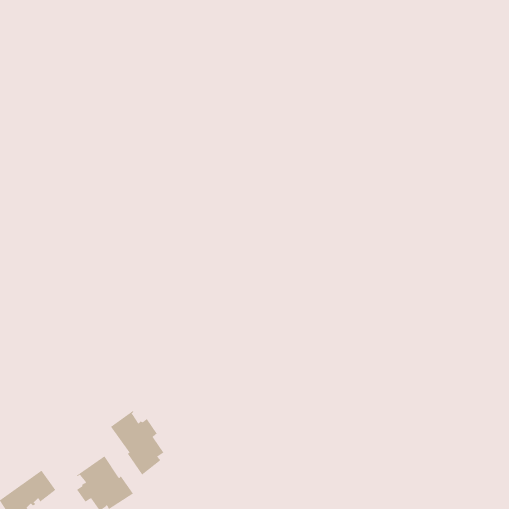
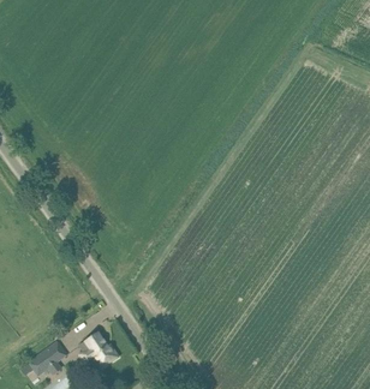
building: [110,410,164,475] -> none

